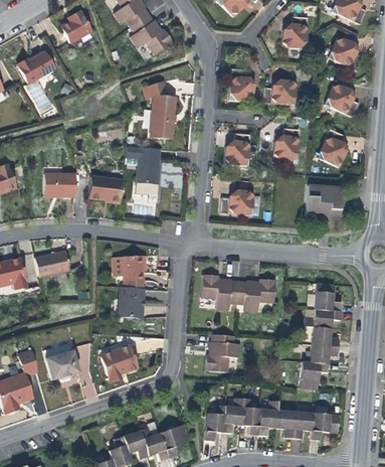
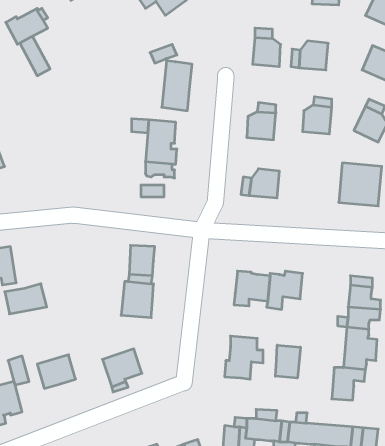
building: [43,175,74,199] -> none
building: [89,179,122,205] -> none
building: [34,250,70,276] -> [5,284,47,314]
building: [199,273,217,297] -> none
building: none -> [275,345,300,378]

